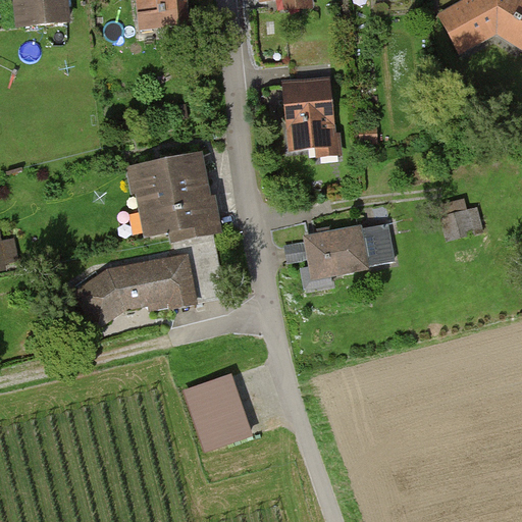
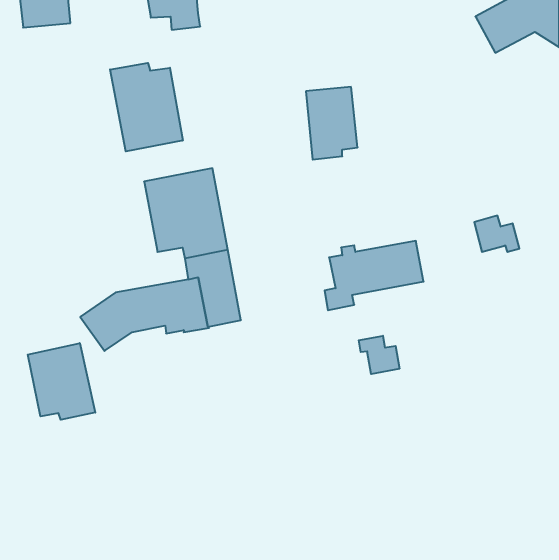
building: none -> [110,63,183,151]
building: none -> [359,336,399,374]
building: none -> [28,343,95,420]
building: [185,376,247,449] -> none

